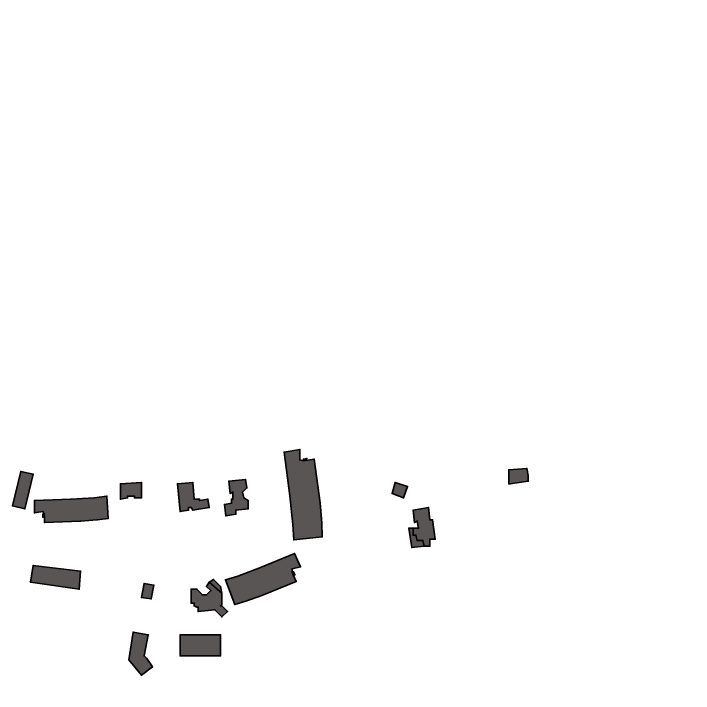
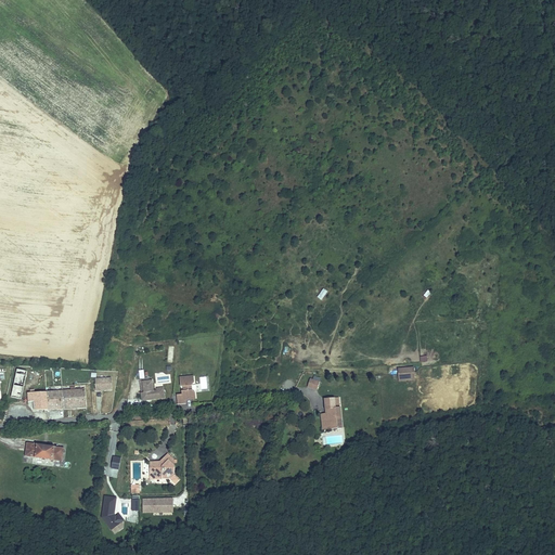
building: [284,450,322,540] -> none
building: [225,553,301,605] -> none

